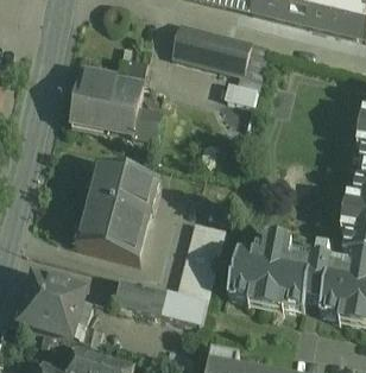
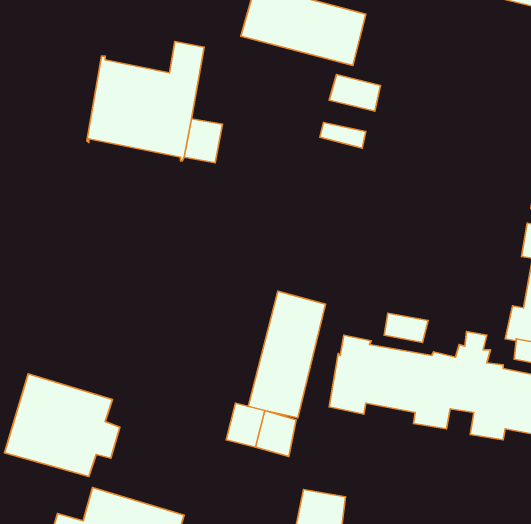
building: [75,164,159,260] -> none
building: [114,280,166,316] -> none

